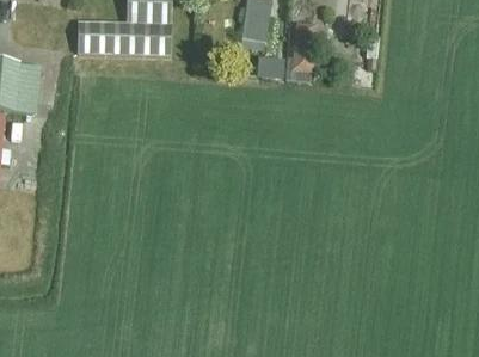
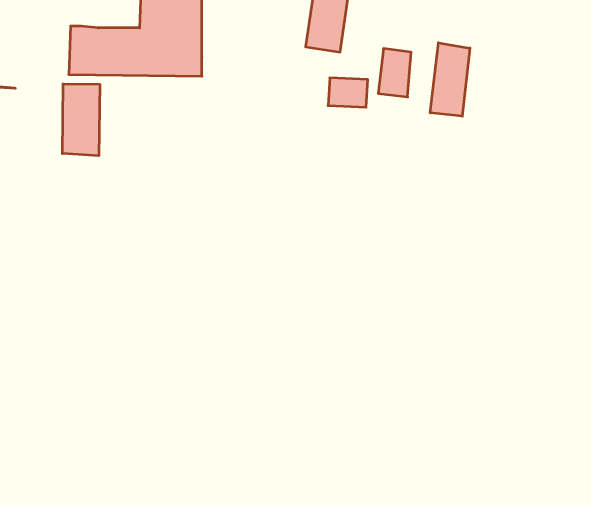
building: none -> [430,43,470,116]
building: none -> [62,84,100,156]

